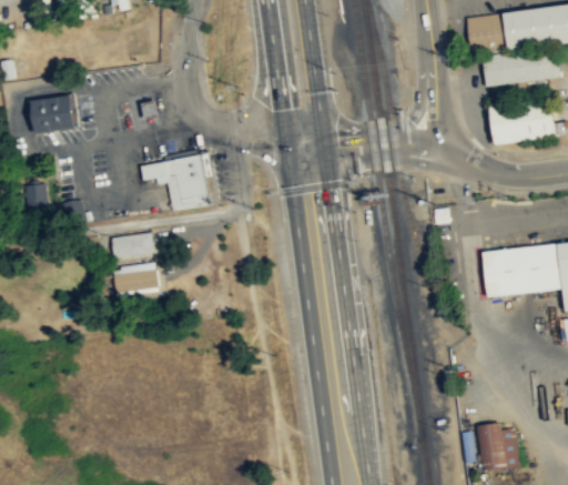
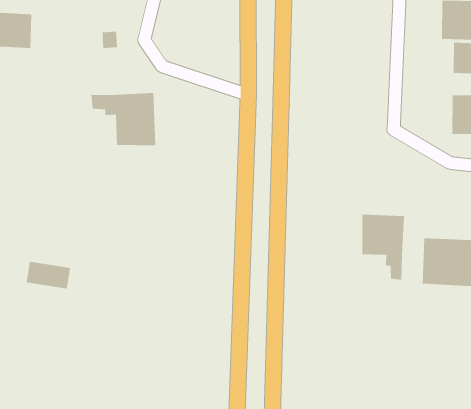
building: none -> [362,214,404,280]
building: [111,233,153,260] -> none
building: [115,270,156,291] -> [26,261,71,289]

